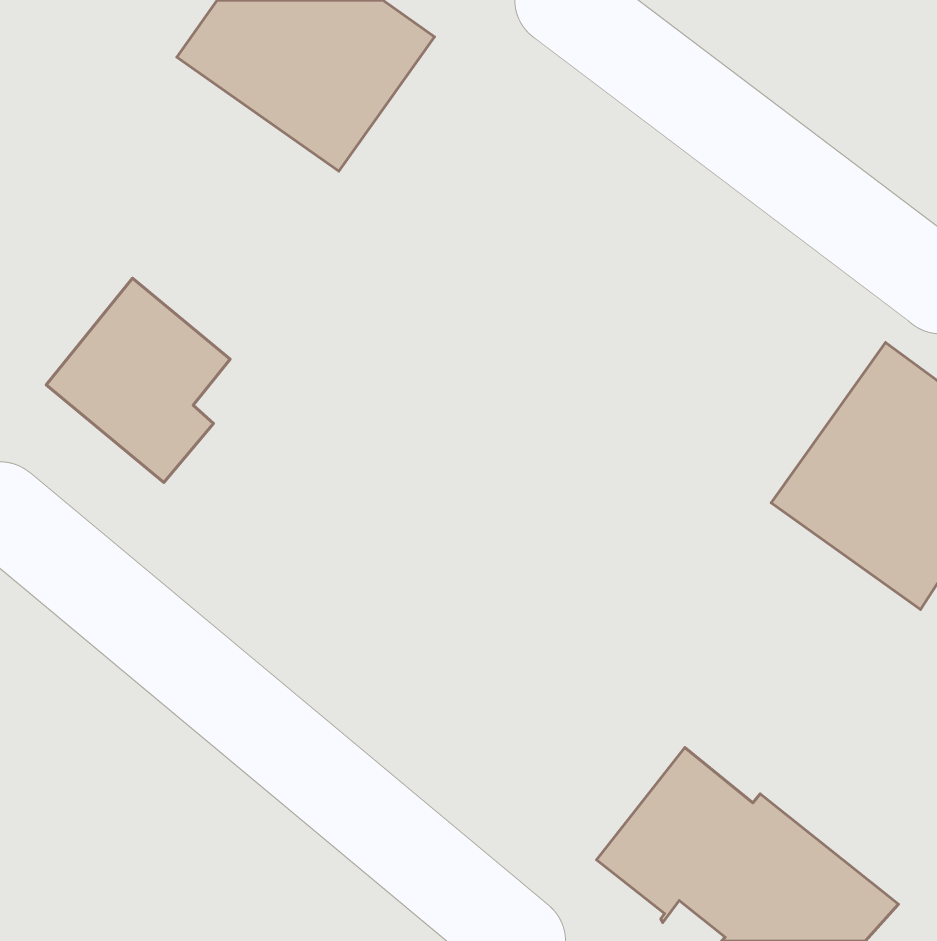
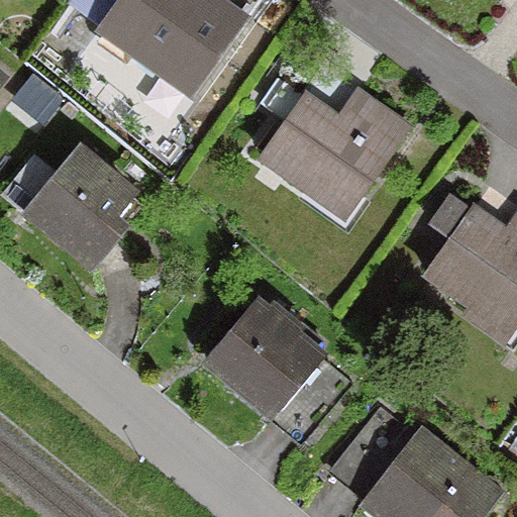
building: none -> [260,72,405,218]
building: none -> [207,306,348,443]

